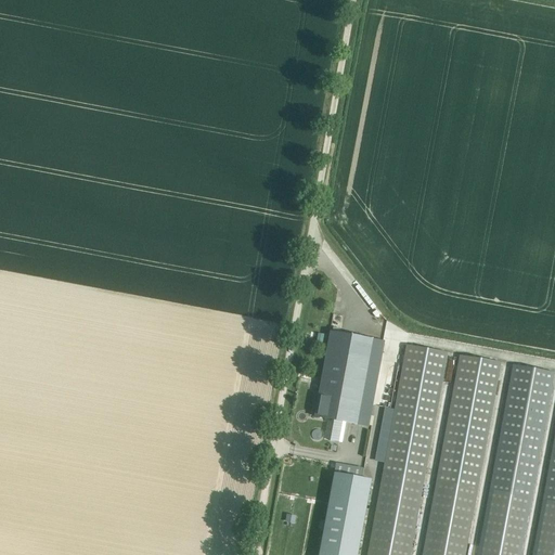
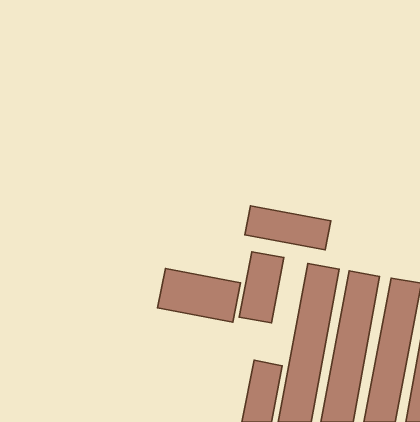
building: none -> [245,206,331,250]
building: none -> [158,269,241,322]

